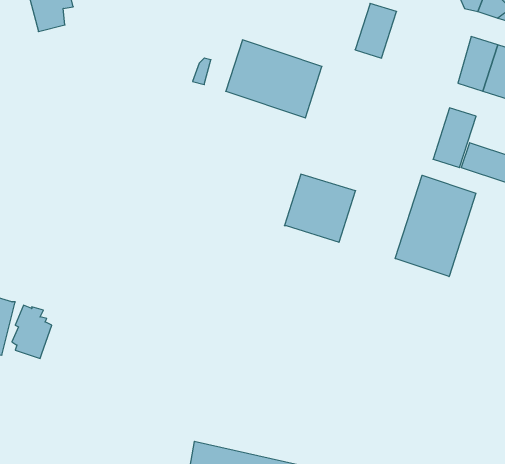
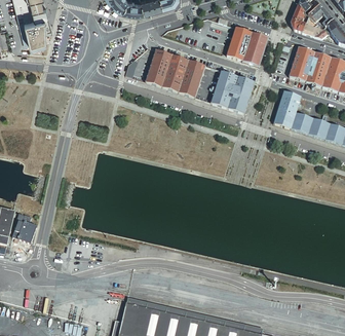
building: none -> [242,32,268,66]
building: [284,174,356,242] -> [210,71,255,113]
building: [395,175,476,277] -> none

